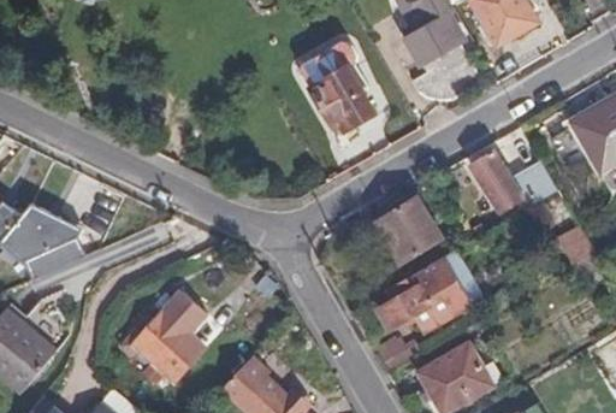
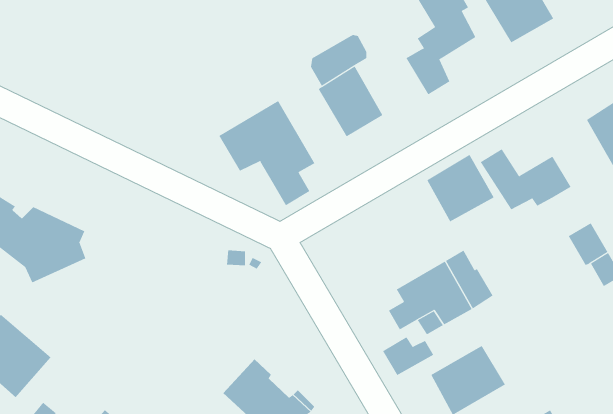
building: none -> [218,100,315,206]
building: [373,197,439,264] -> [426,154,495,222]
building: [122,290,206,379] -> none

